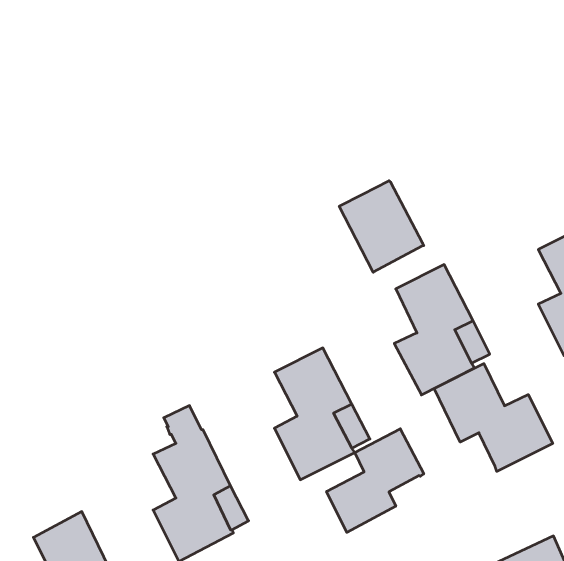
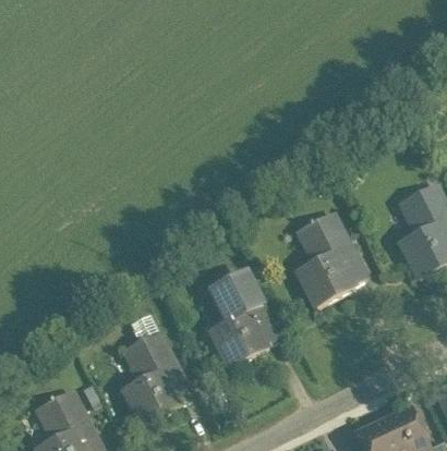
building: [339,181,424,272] -> none
building: [434,364,553,471] -> none
building: [327,429,424,532] -> none

